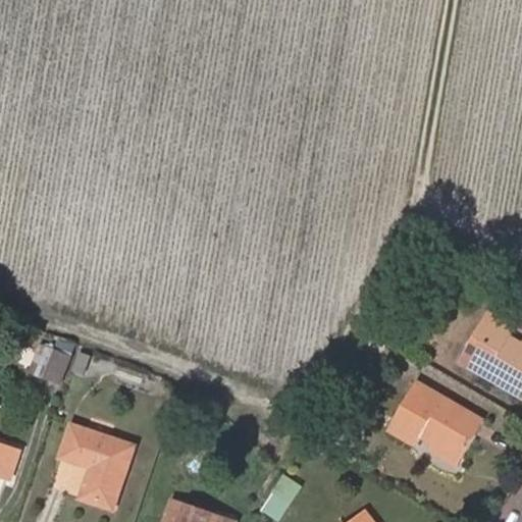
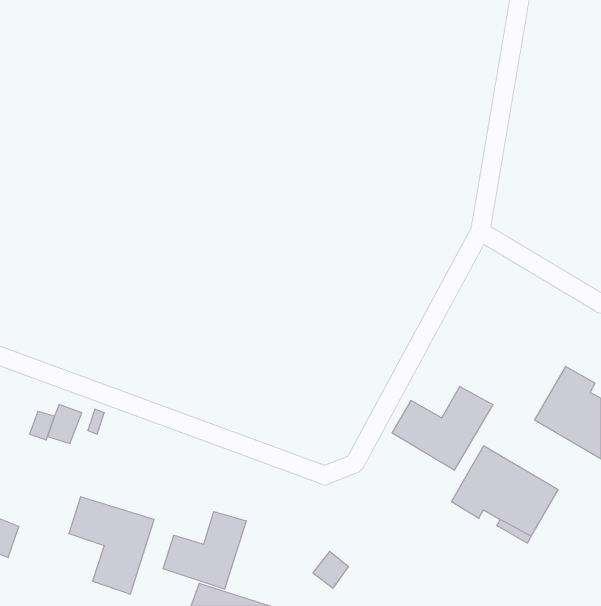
building: none -> [392,386,493,470]
building: none -> [163,512,246,589]

